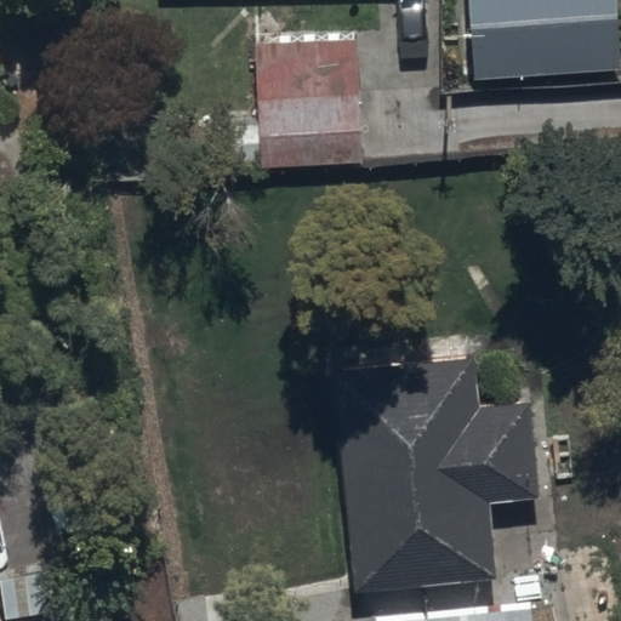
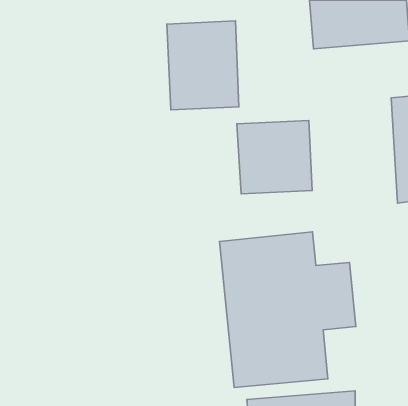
building: none -> [237,121,312,194]

